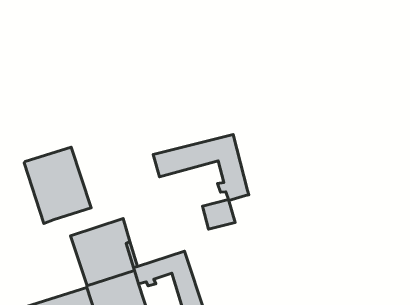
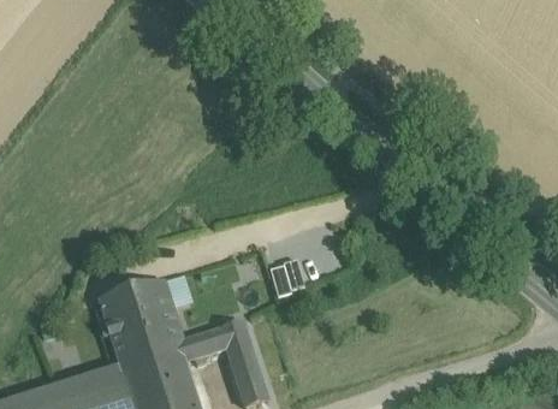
building: [153,134,249,200] -> none
building: [24,147,91,223] -> none

